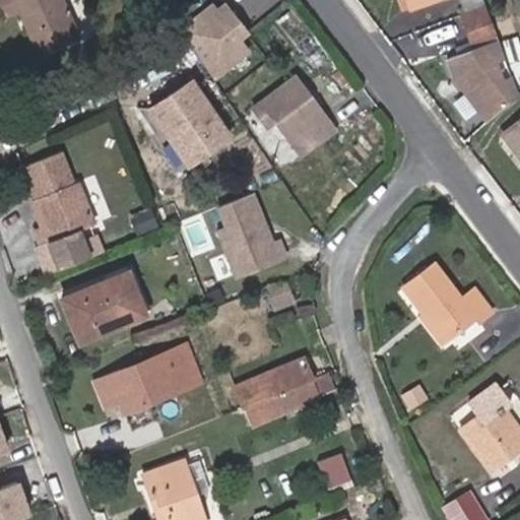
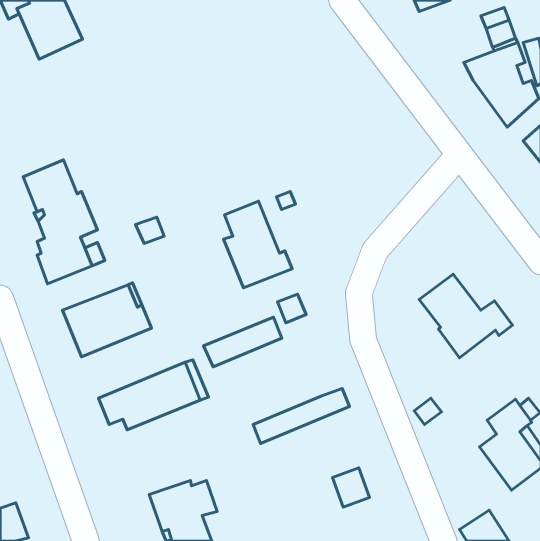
building: [182,6,247,77] -> none
building: [256,78,334,152] -> none
building: [138,80,231,166] -> none
building: [235,360,310,407] -> [204,317,282,367]

